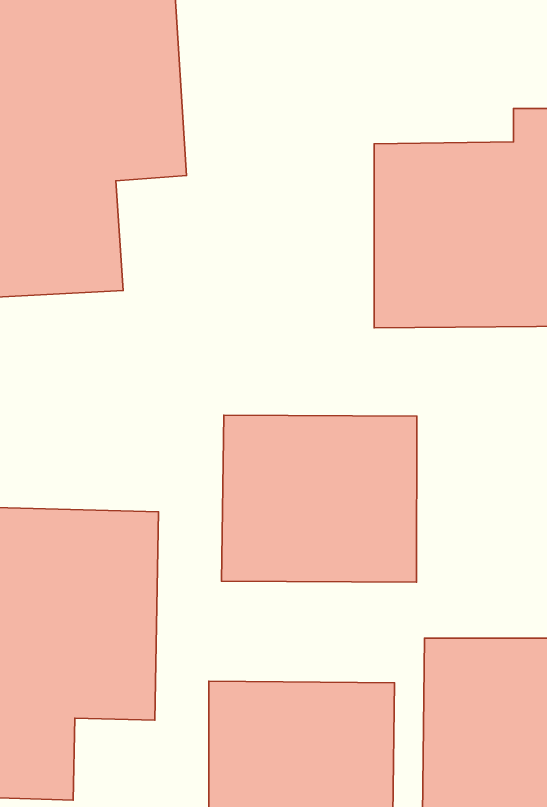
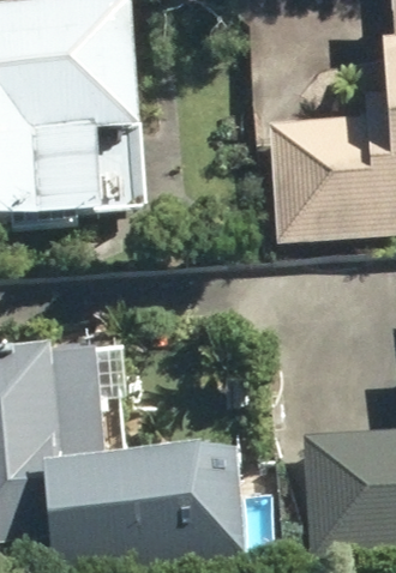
building: [222,415,417,582] -> none

